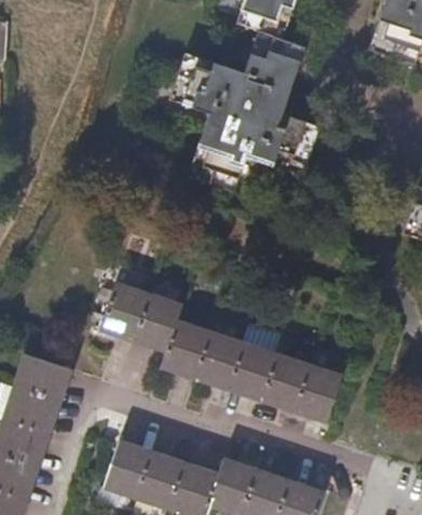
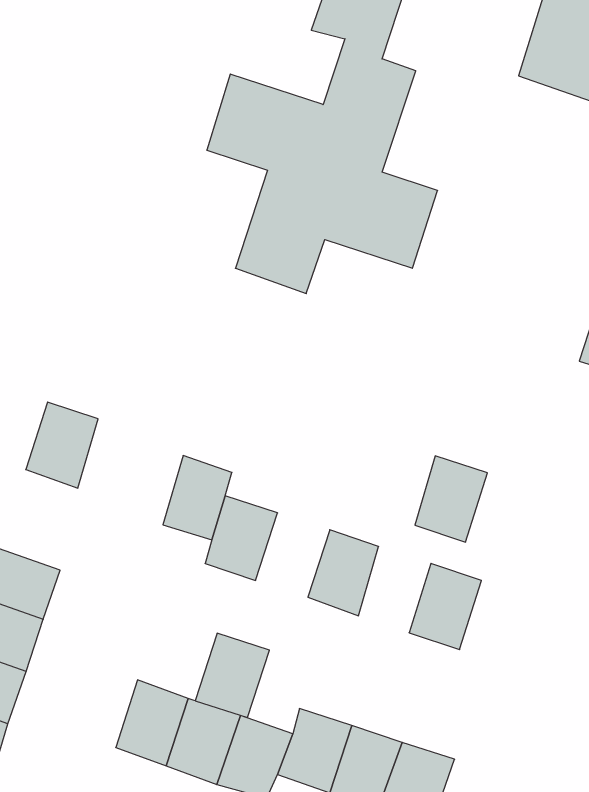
building: [104,284,151,339] -> [26,402,98,488]
building: [197,331,245,386] -> [195,633,269,718]
building: [264,353,310,409] -> [415,456,487,542]

